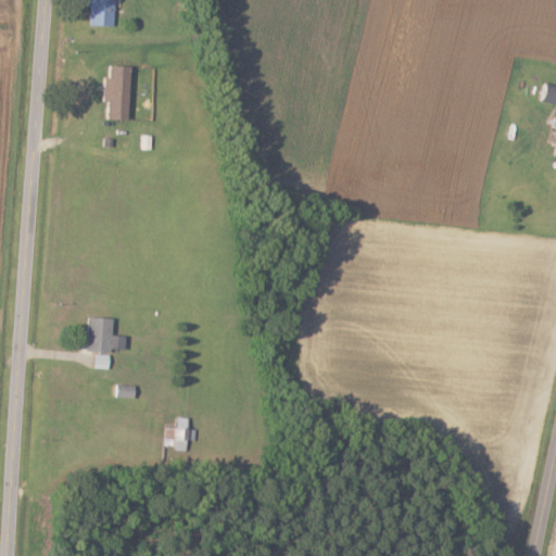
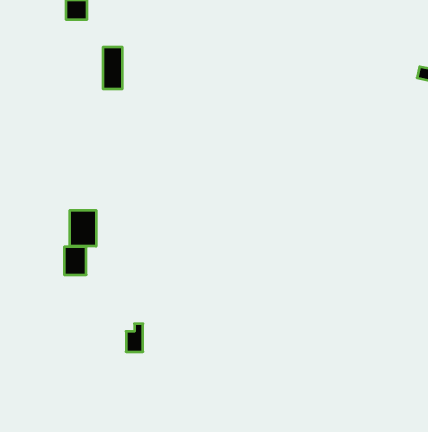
building: [105,65,130,118] -> [103,47,122,89]
building: none -> [70,210,96,246]

